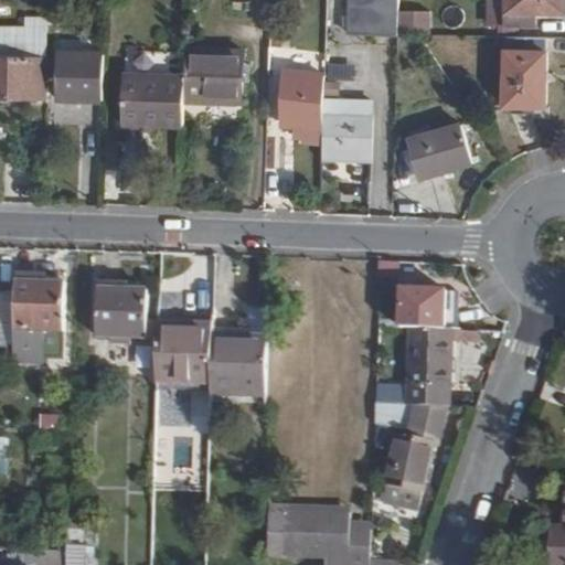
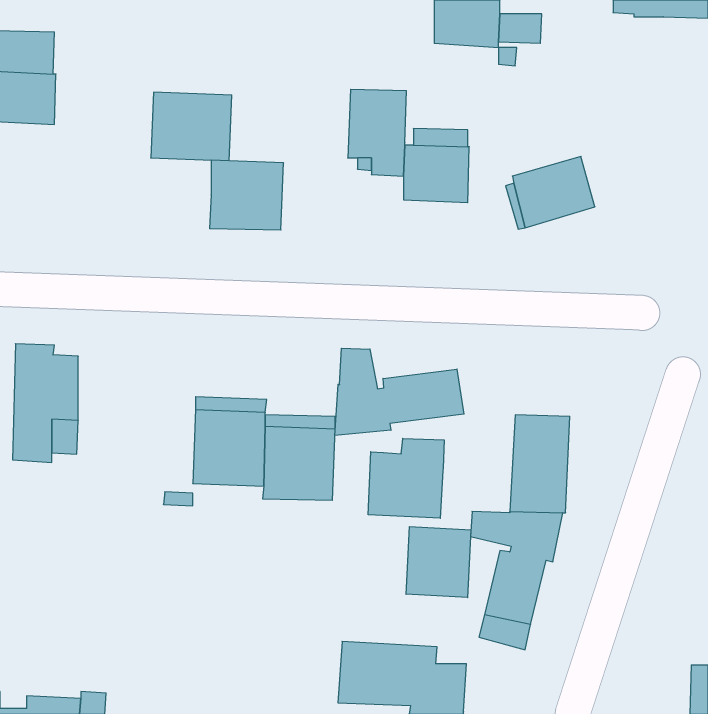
building: [500,36,545,109] -> none
building: [182,47,241,103] -> [210,160,284,230]
building: [53,52,102,103] -> none
building: none -> [335,348,464,435]
building: [94,280,146,347] -> none
building: [396,287,456,329] -> none
building: none -> [368,438,444,518]
building: none -> [406,527,471,598]

